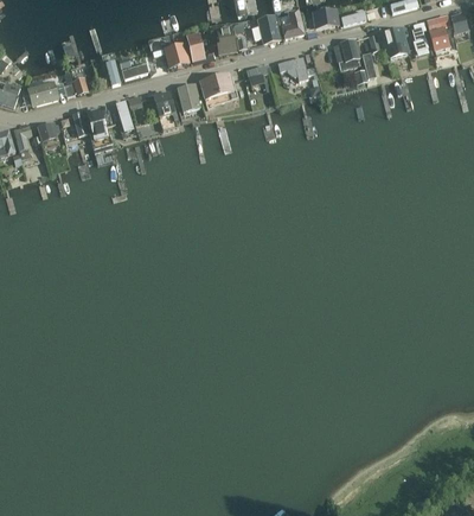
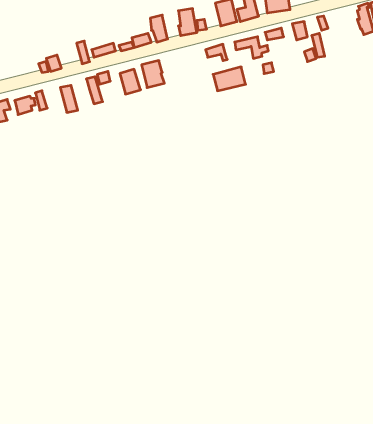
building: [380,26,410,58] -> none
building: [199,72,235,98] -> [213,67,246,91]
building: [27,81,59,106] -> none

